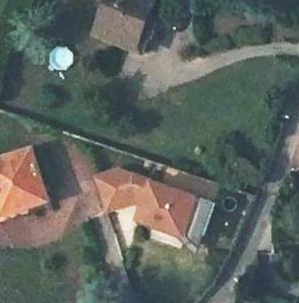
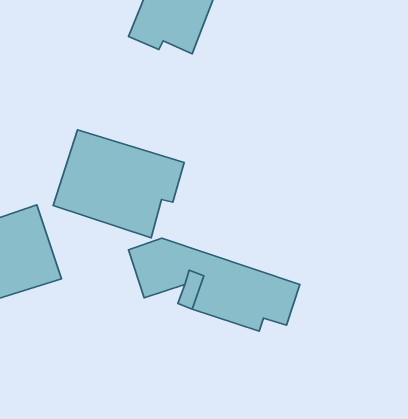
building: none -> [53,130,184,238]

